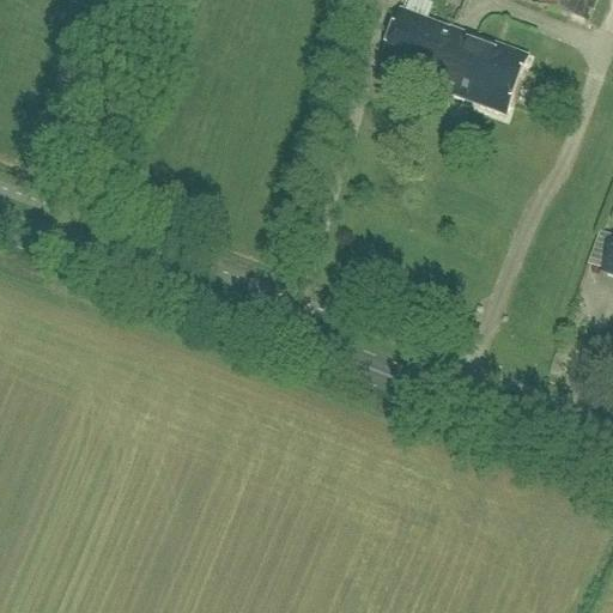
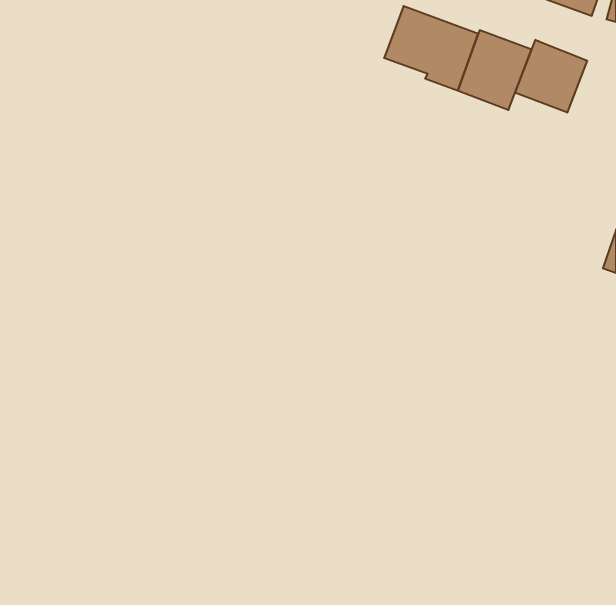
building: none -> [515,40,587,113]

